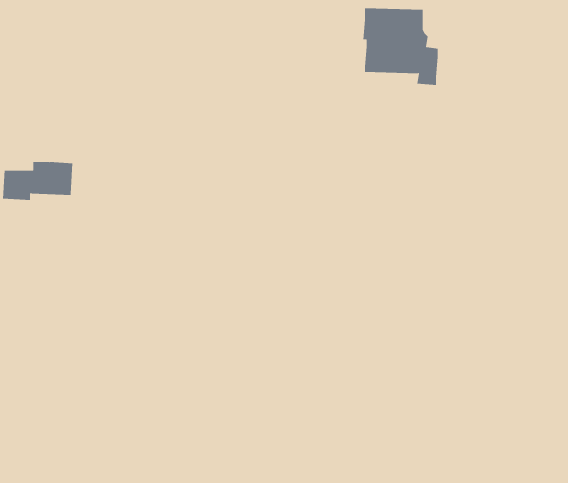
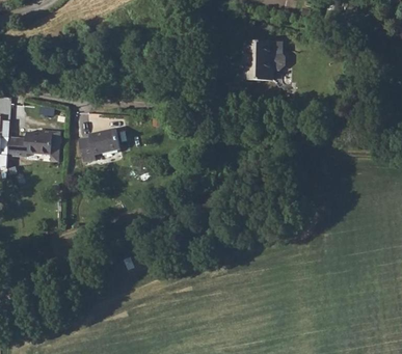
building: none -> [77,126,118,158]

